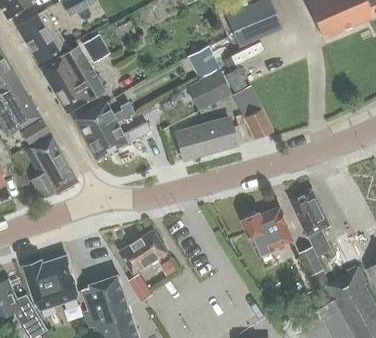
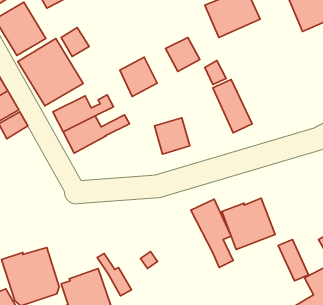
building: [195,68,232,107] -> [120,57,157,96]
building: [202,118,236,153] -> none
building: [30,137,77,198] -> none
building: [290,189,332,257] -> [191,199,233,267]
building: [120,230,168,274] -> none

